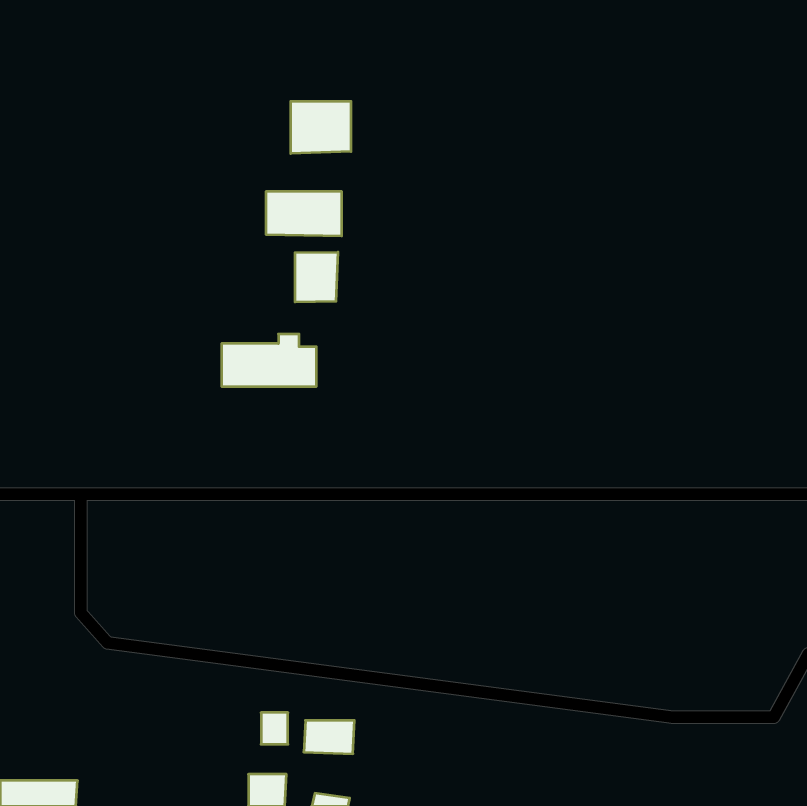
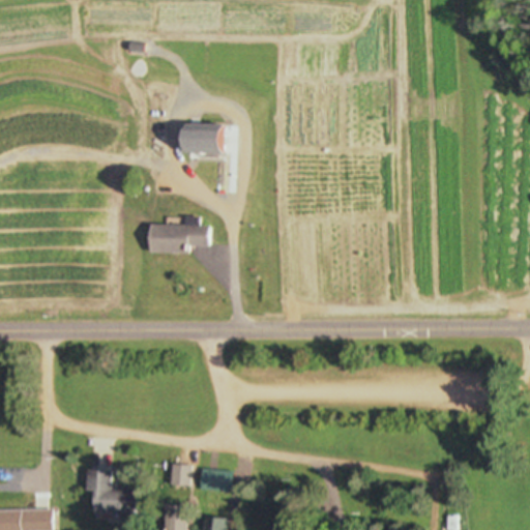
building: [291,101,351,154] -> none
building: [295,252,338,302] -> none
building: none -> [85,471,135,516]

